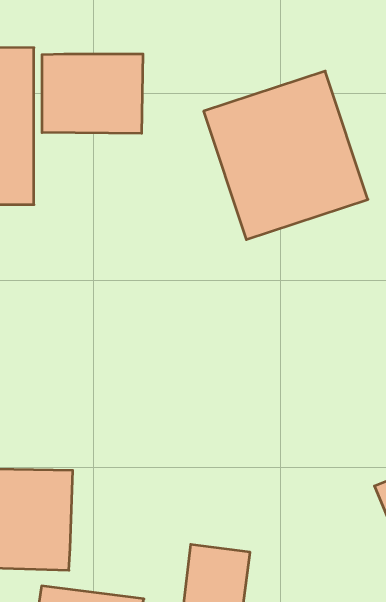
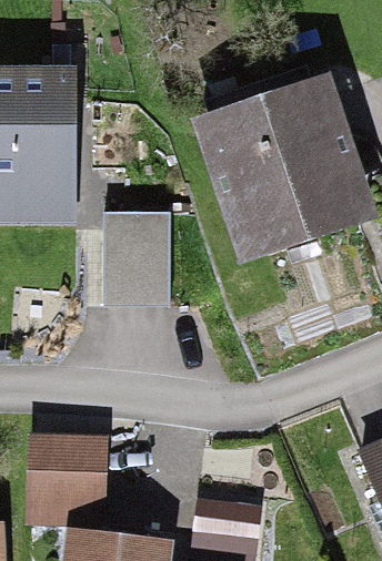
building: [42,54,143,133] -> none
building: none -> [104,211,170,304]

